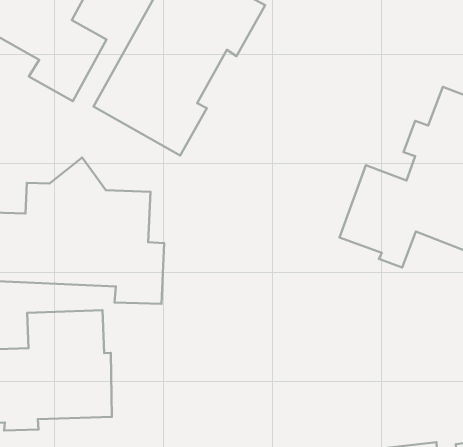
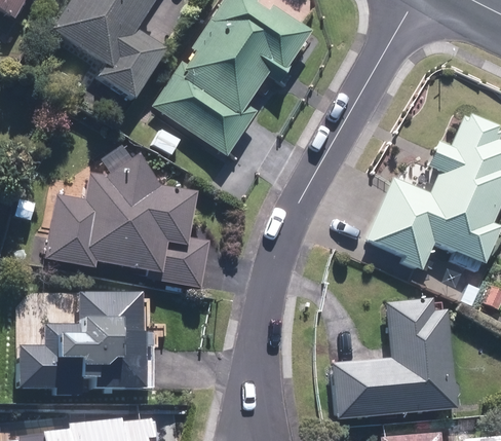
building: none -> [331,297,458,418]

